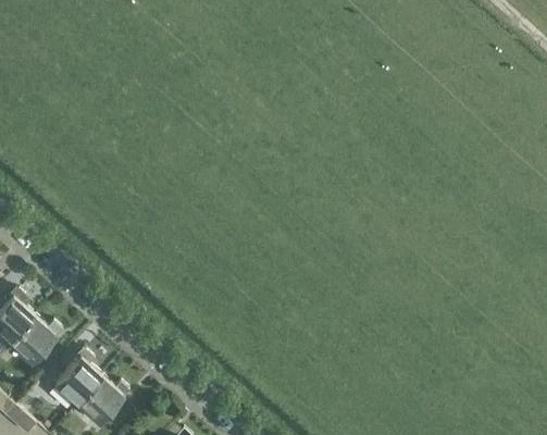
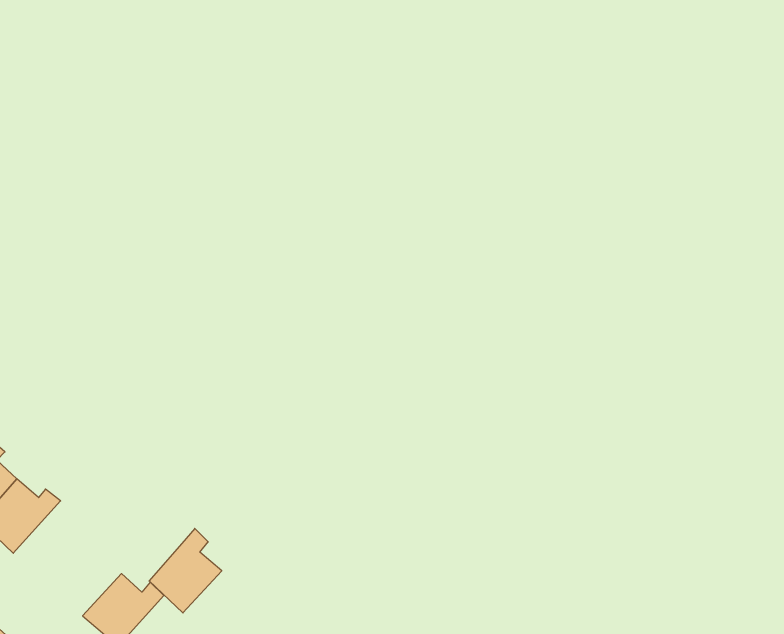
building: [55,350,102,405] -> [149,528,222,613]

